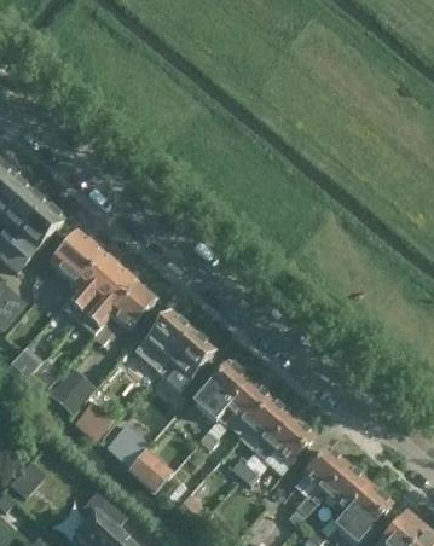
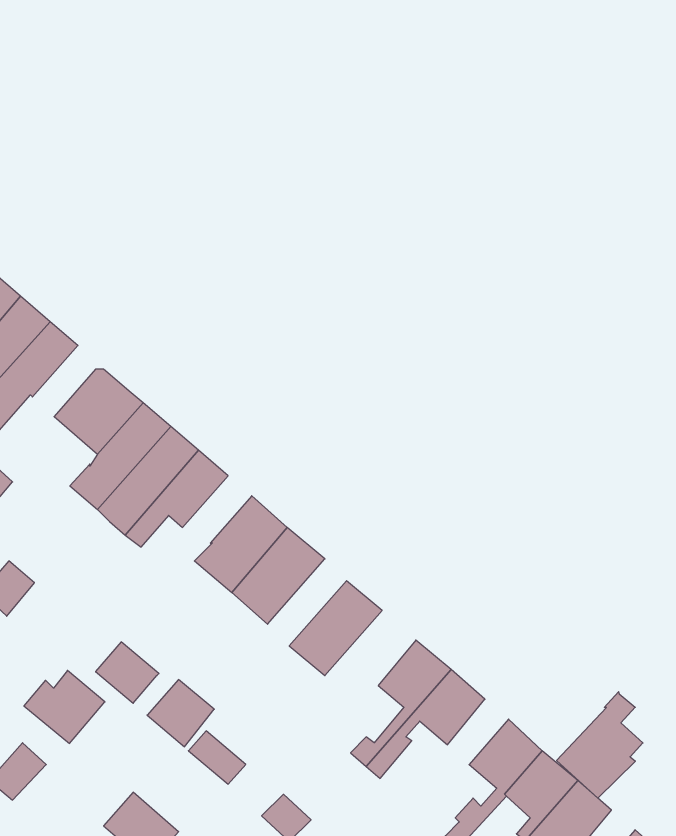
building: [44,367,93,412] -> [24,670,105,743]
building: [199,381,271,448] -> none
building: none -> [557,692,643,798]

